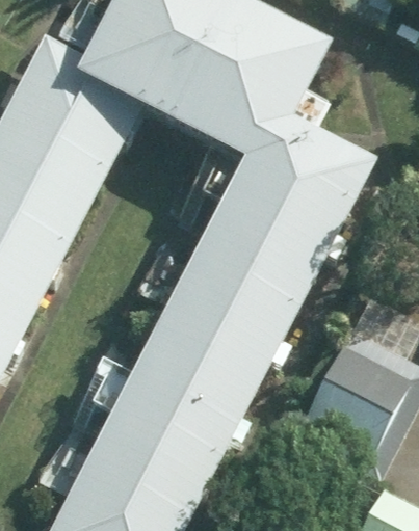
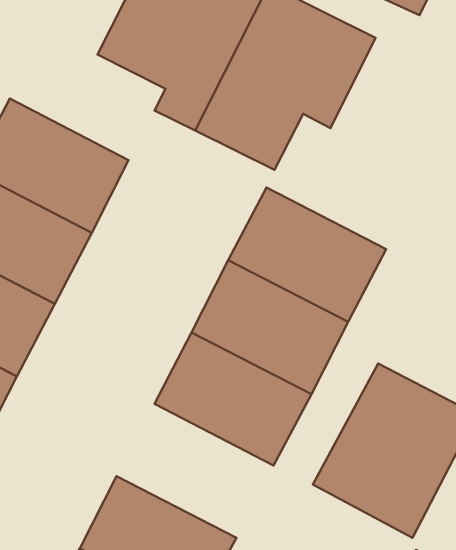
building: [14,30,150,147] -> none
building: [238,106,375,224] -> none
building: [107,360,244,477] -> none

